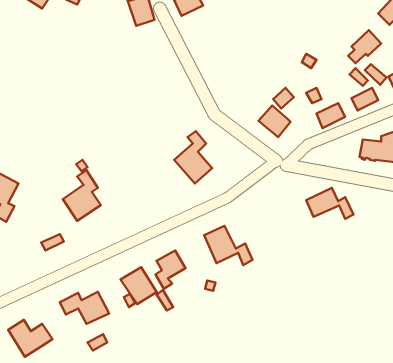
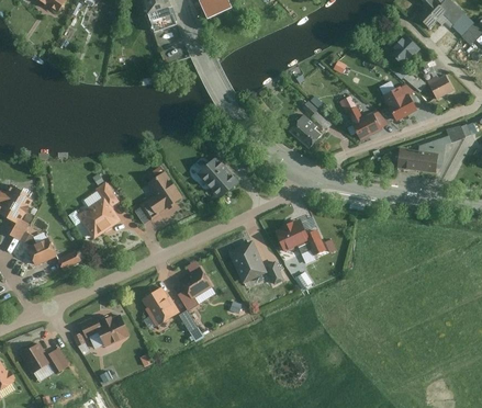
building: none -> [141,170,180,216]
building: [306,188,354,219] -> [274,220,325,253]
building: none -> [27,238,57,264]

